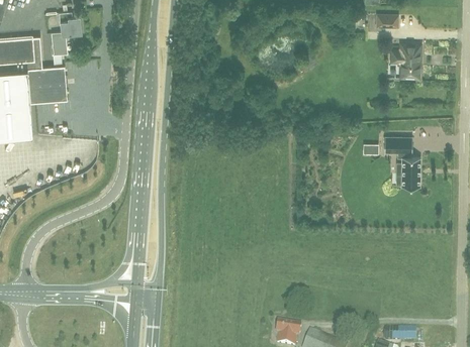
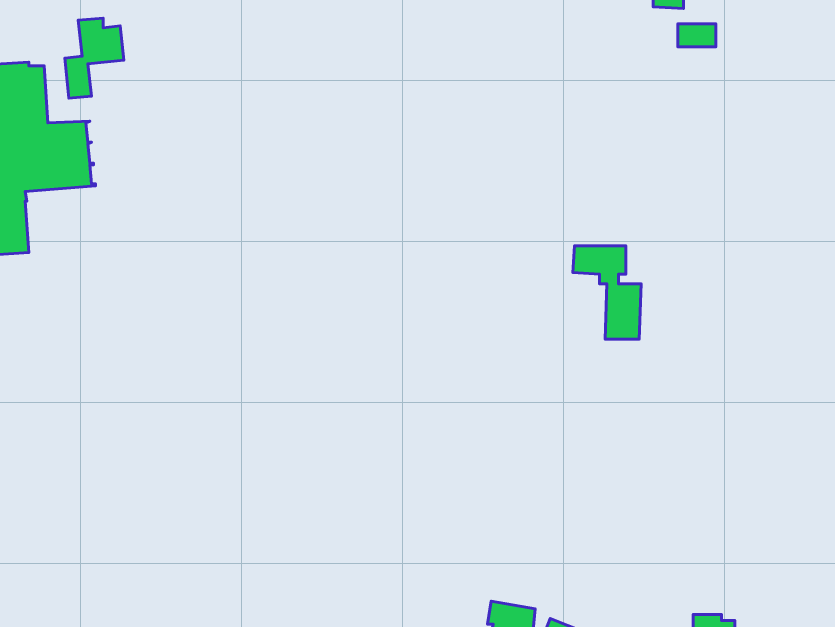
building: [396,43,420,78] -> none
building: [383,137,419,187] -> [573,246,641,339]

